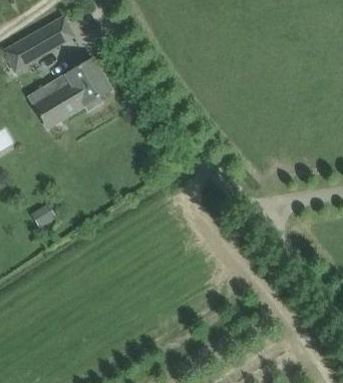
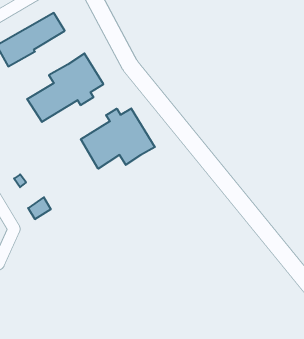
building: none -> [81,108,155,169]

